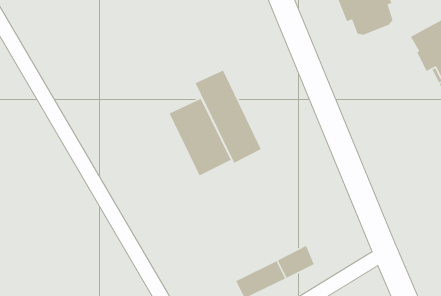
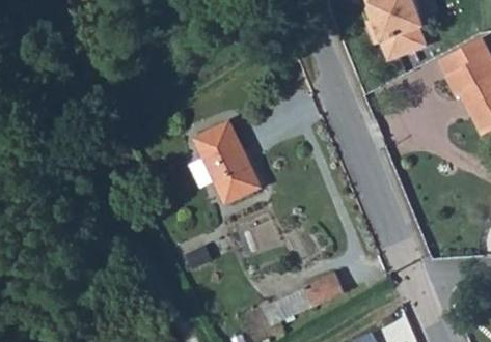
building: [195,69,262,164] -> none

